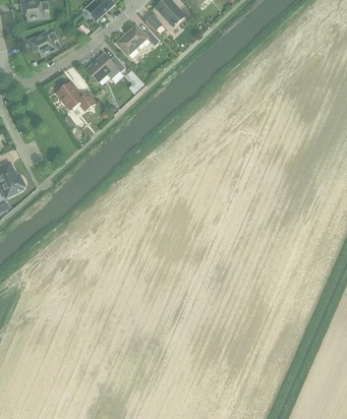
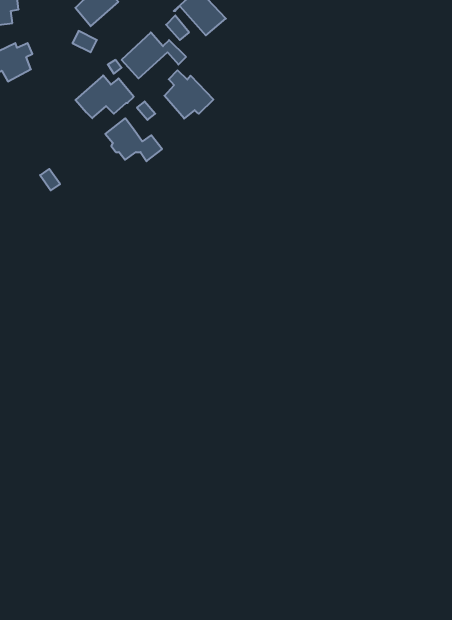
building: none -> [164,70,213,119]
building: [57,80,95,109] -> [105,118,162,161]

